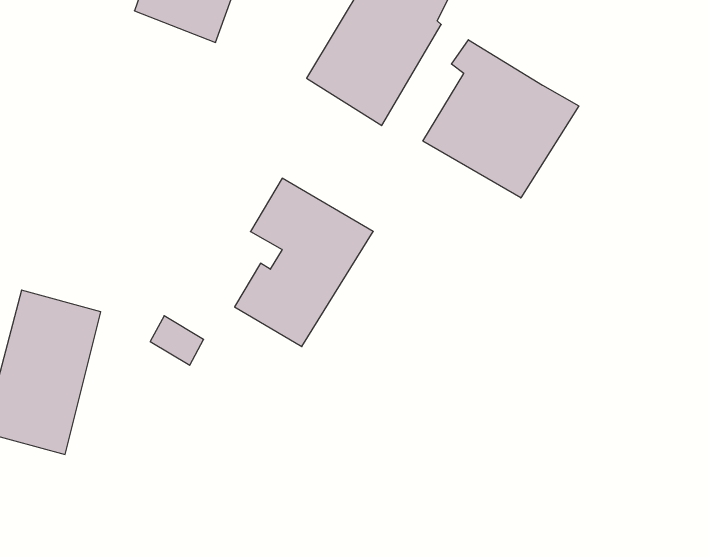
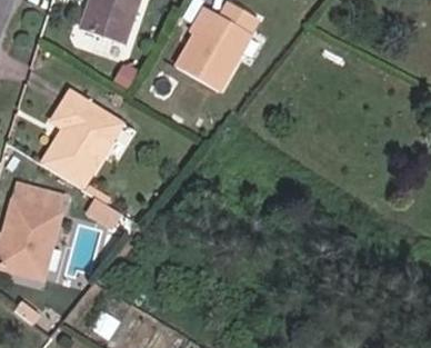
building: [423,40,579,198] -> none
building: [235,178,373,347] -> [41,92,119,187]

